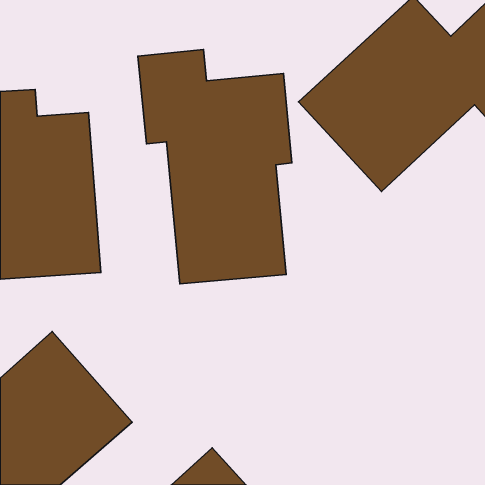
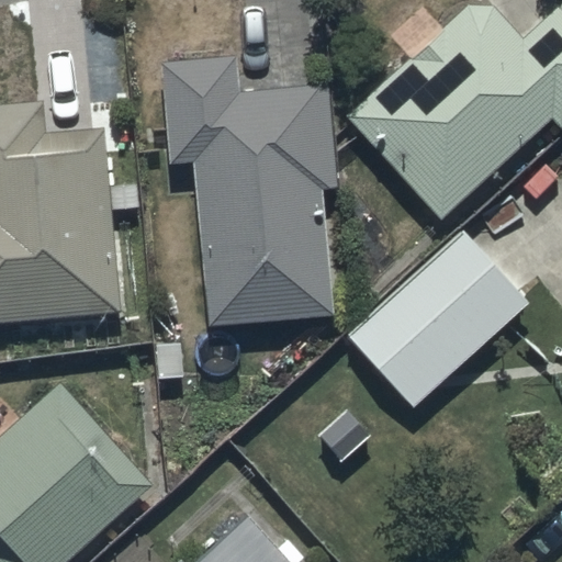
building: none -> [345,228,529,408]

